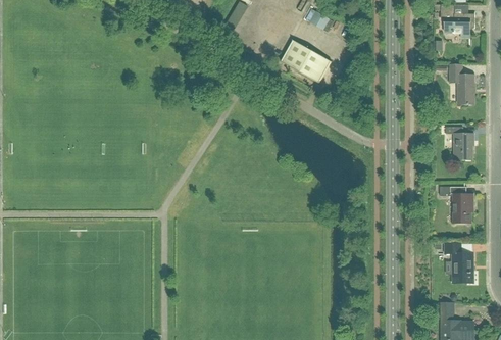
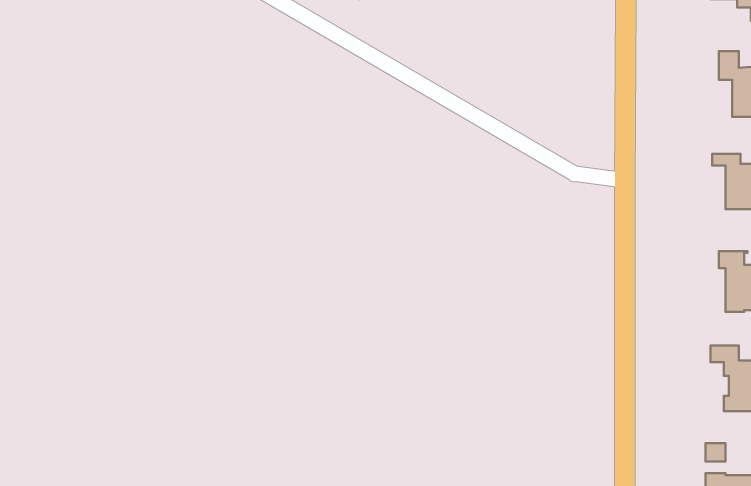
building: [281,40,332,83] -> none

